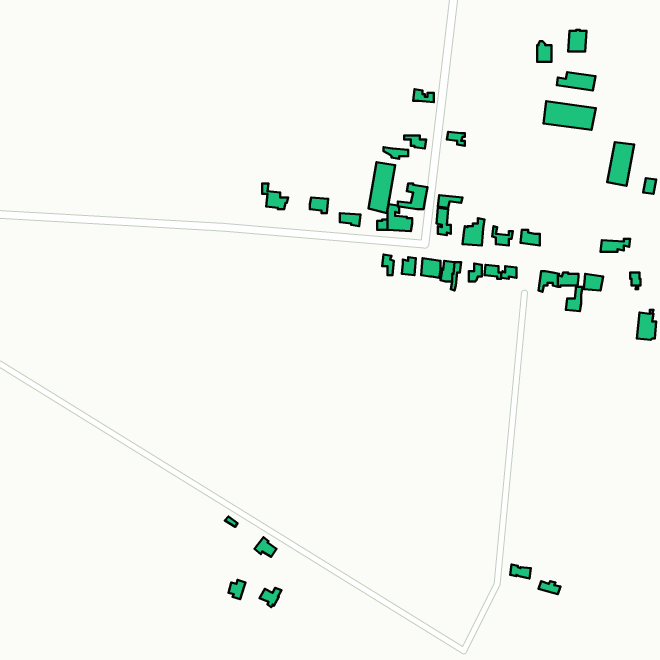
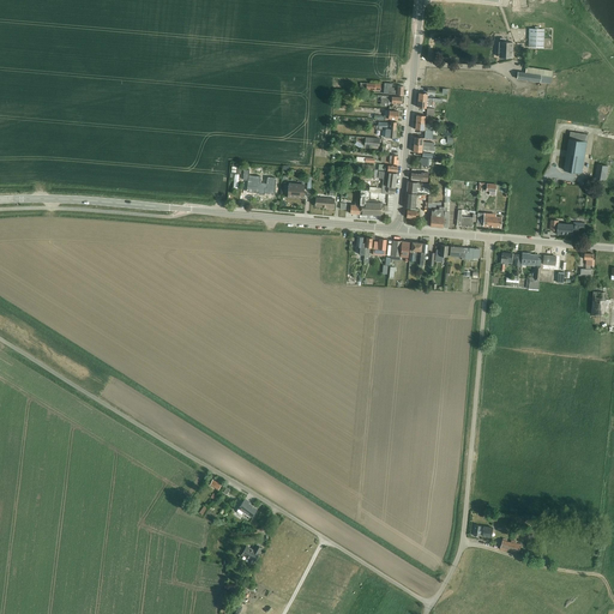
building: [543,101,596,130] -> none
building: [368,162,395,213] -> none

